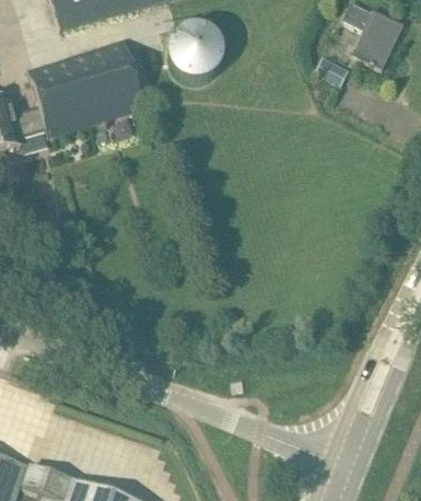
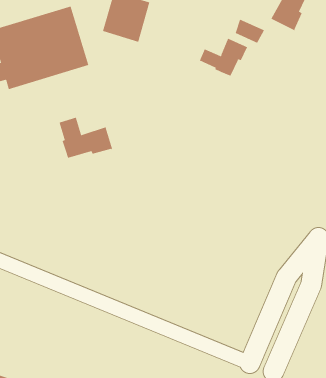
building: none -> [199,38,248,78]
building: none -> [59,117,113,163]

